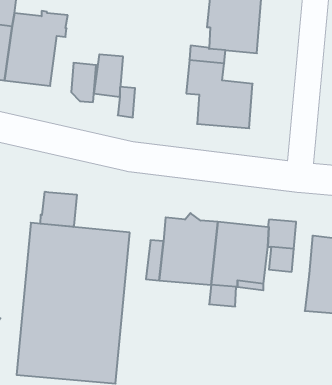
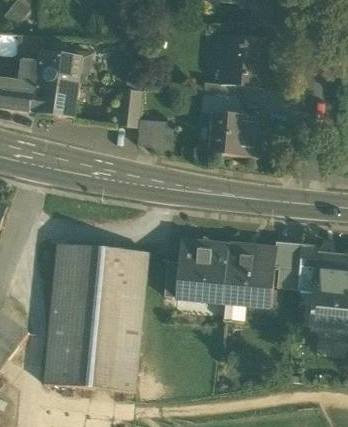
building: [71,63,96,102] -> [150,119,173,155]
building: [40,192,77,227] -> none
building: none -> [296,243,317,290]

